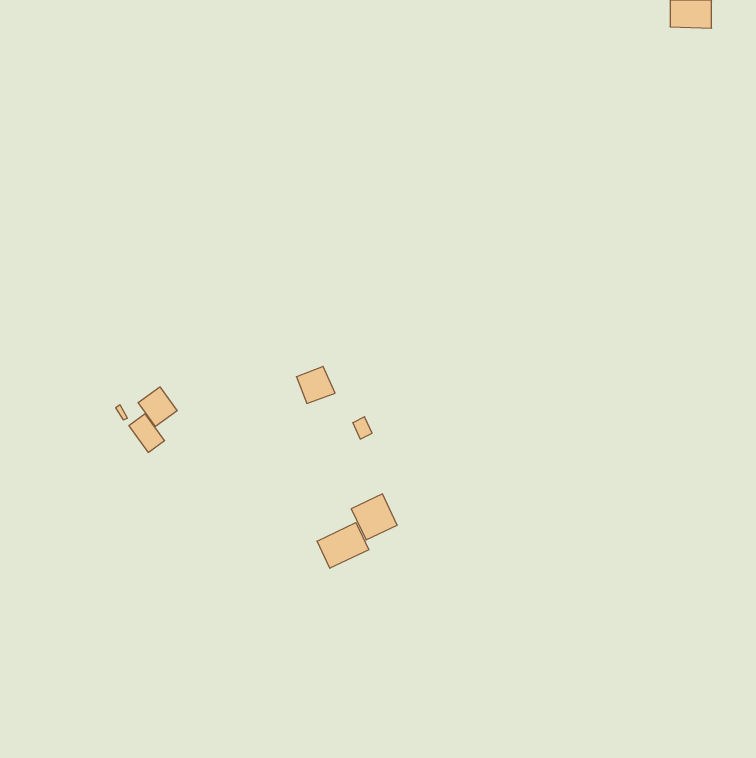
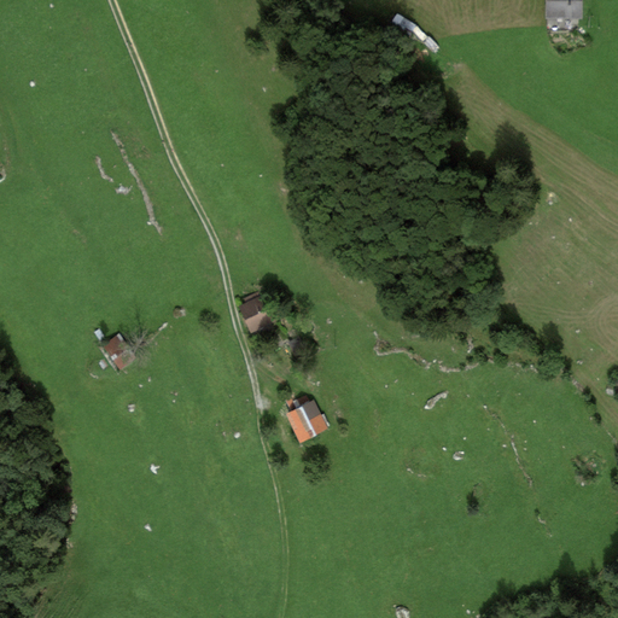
building: [138,387,177,427] -> none
building: [317,523,369,568] -> none

